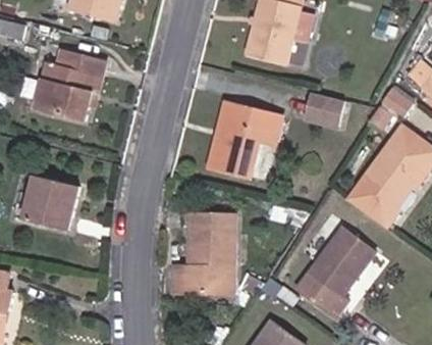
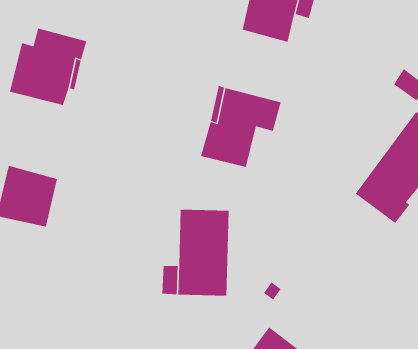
building: [307,92,344,125] -> none
building: [296,227,373,316] -> none

